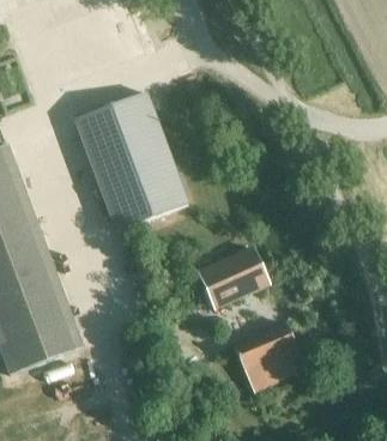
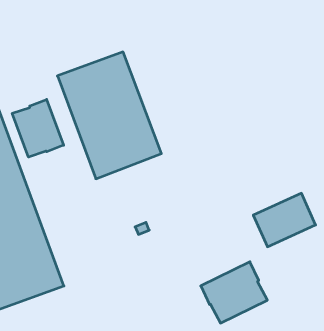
building: none -> [12,99,64,157]
building: [200,247,268,306] -> [253,193,316,247]

